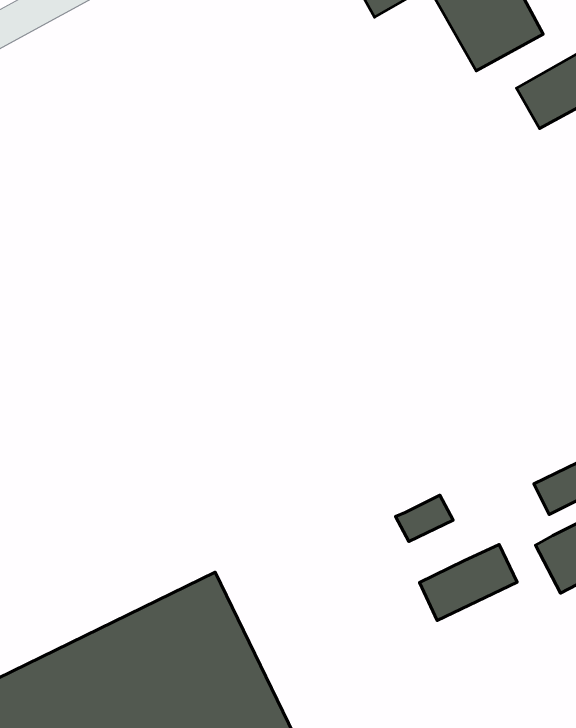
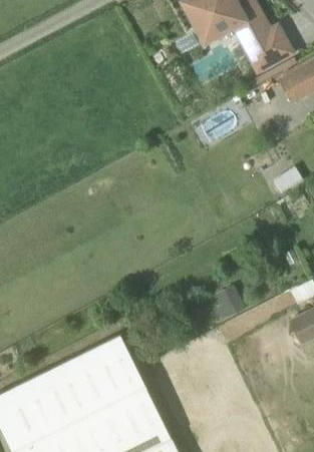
building: [419,544,517,621] -> none

